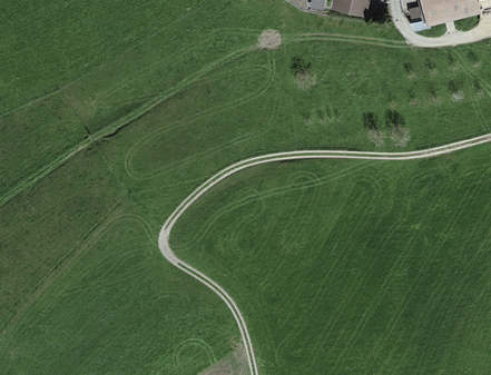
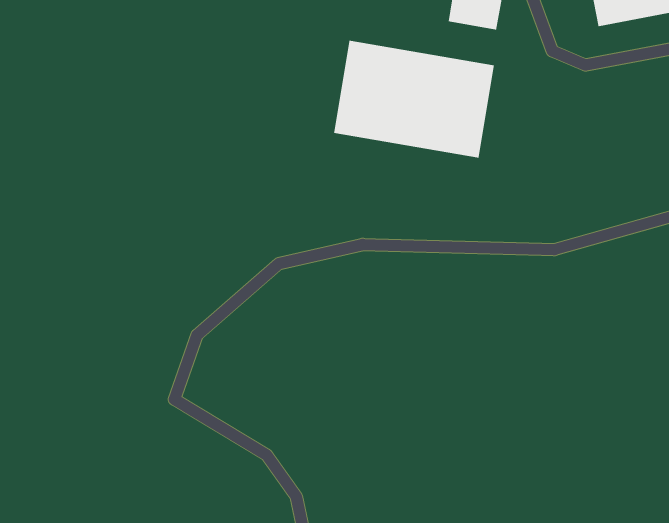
building: none -> [333,40,494,158]

